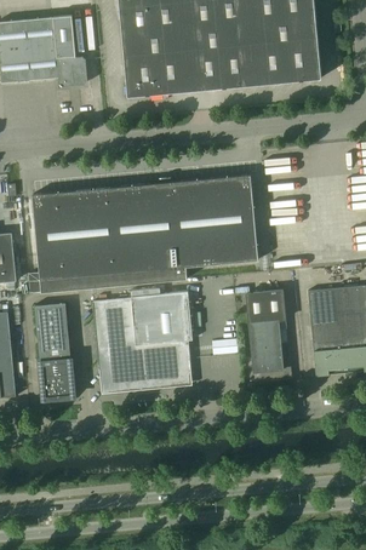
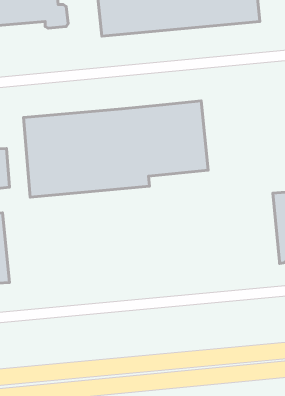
building: [307,287,345,377] -> none
building: [246,290,291,380] -> none
building: [93,291,193,391] -> none
building: [34,302,78,402] -> none

